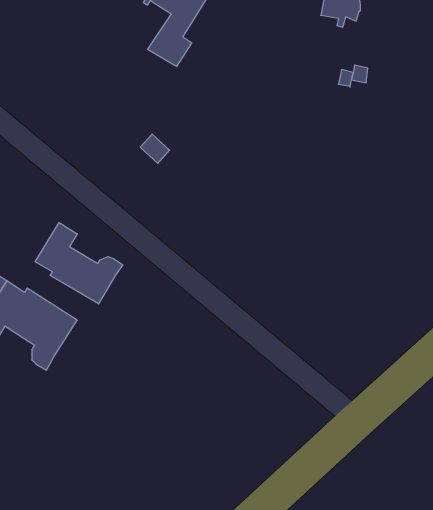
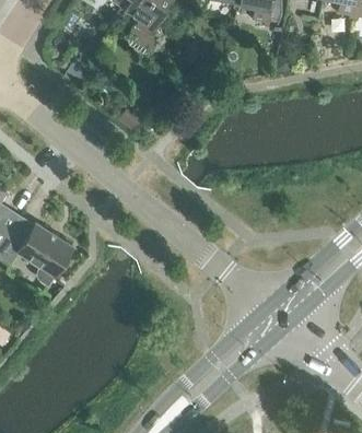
building: [35,223,123,304] -> none

